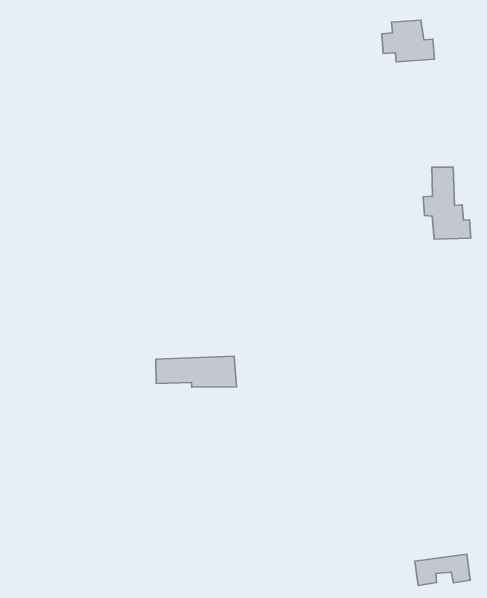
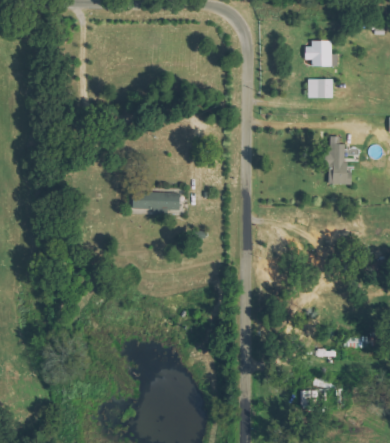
building: none -> [307,79,331,98]
building: [156,356,236,387] -> [129,192,181,214]

